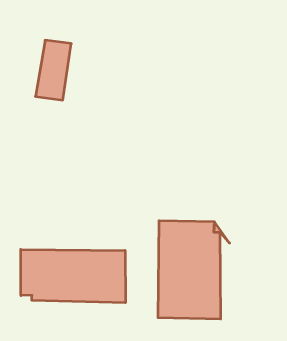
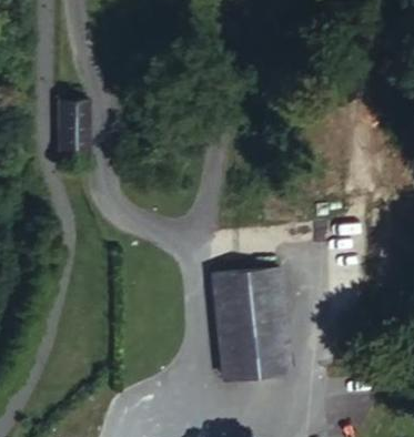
building: [21,249,125,303] -> none

